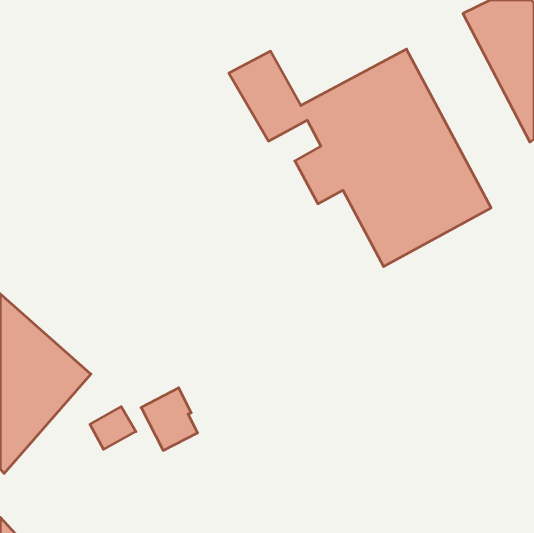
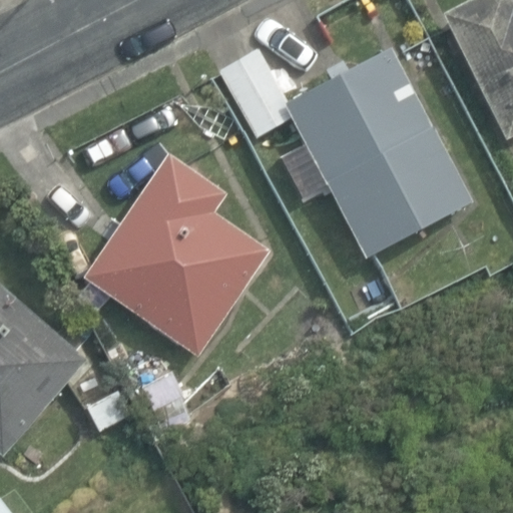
building: none -> [85,153,271,353]

